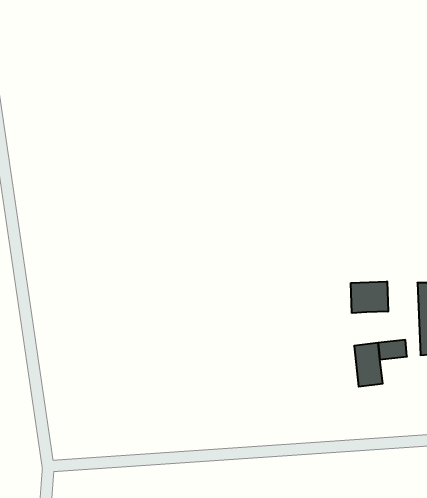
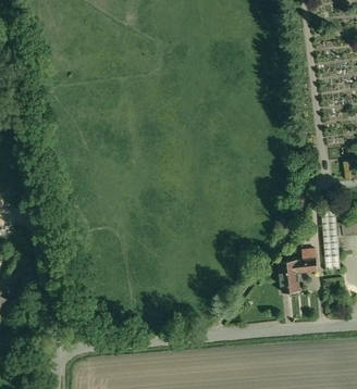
building: [351,281,388,313] -> none

